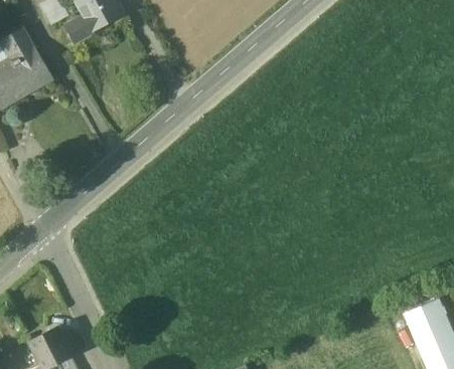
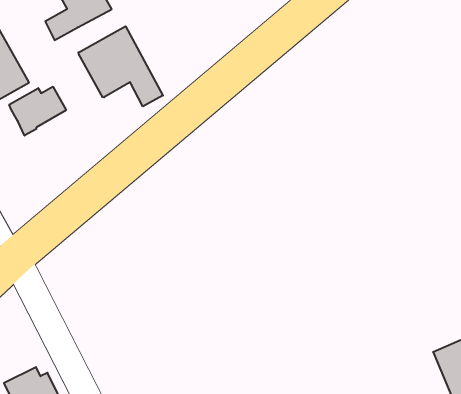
building: none -> [78,26,163,106]
building: none -> [9,87,66,136]

